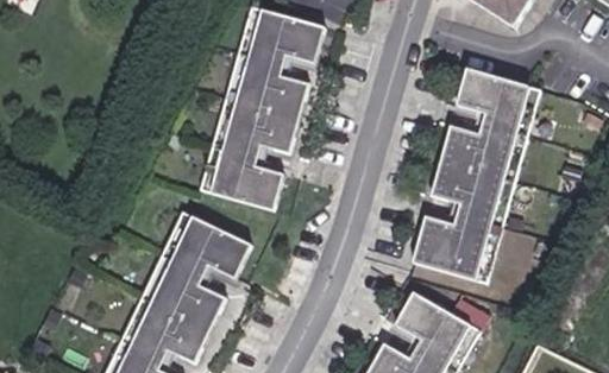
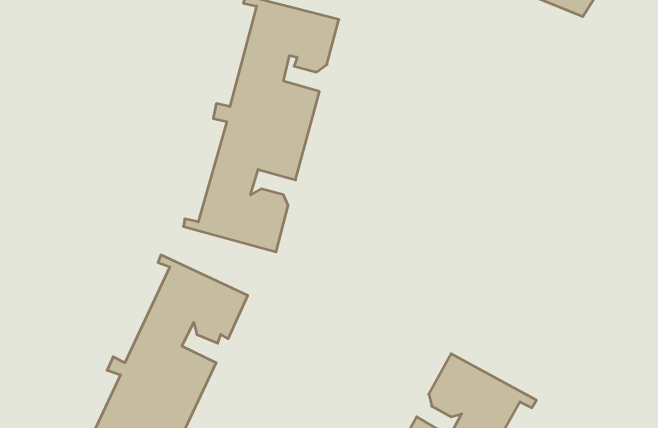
building: [413,67,540,280] -> none

